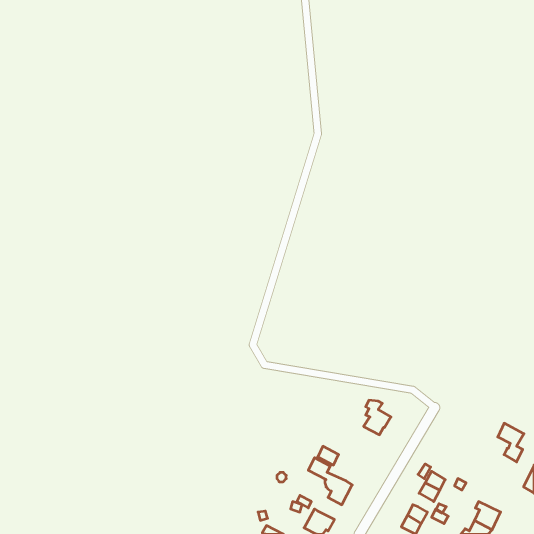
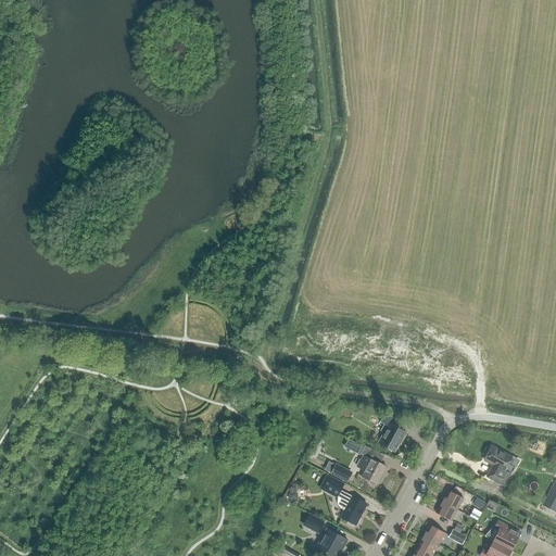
building: [498,423,524,462] -> [484,446,511,486]
building: none -> [356,445,386,484]

